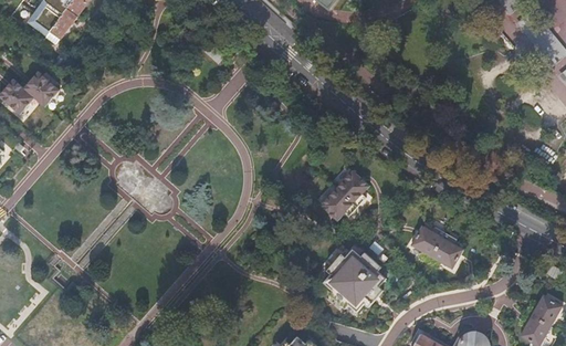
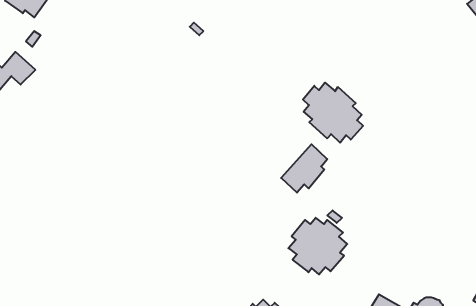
building: none -> [303,83,363,143]
building: [409,226,463,270] -> none

